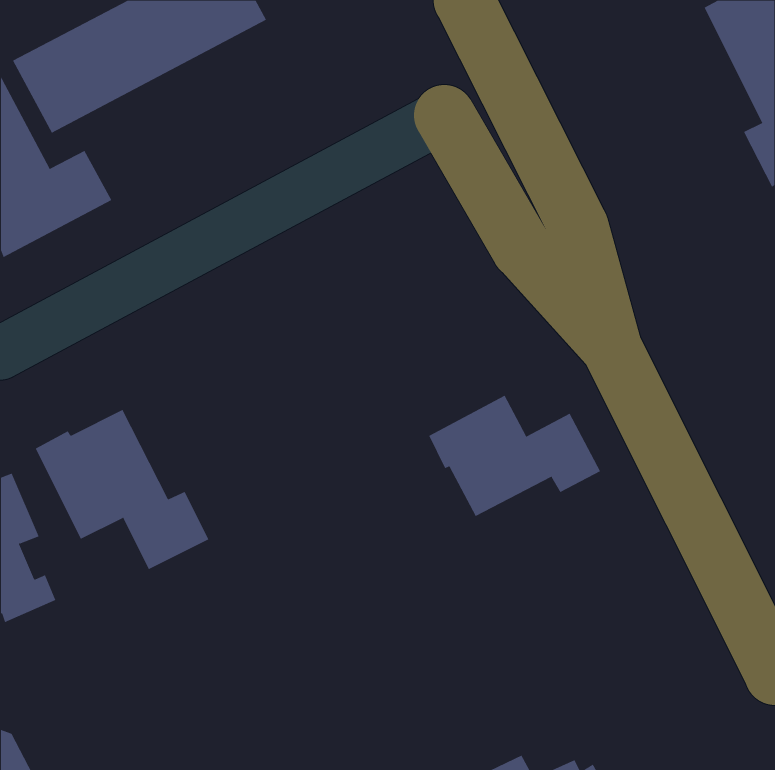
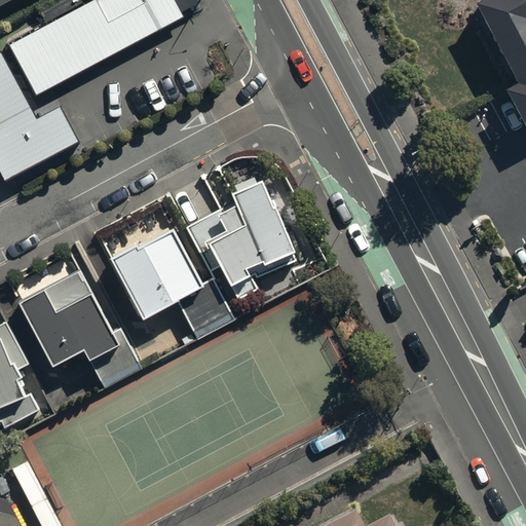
building: none -> [188,175,296,298]
building: none -> [112,230,232,336]
building: [428,395,601,517] -> none

